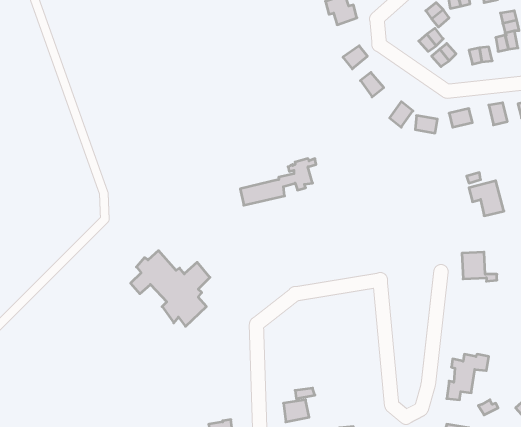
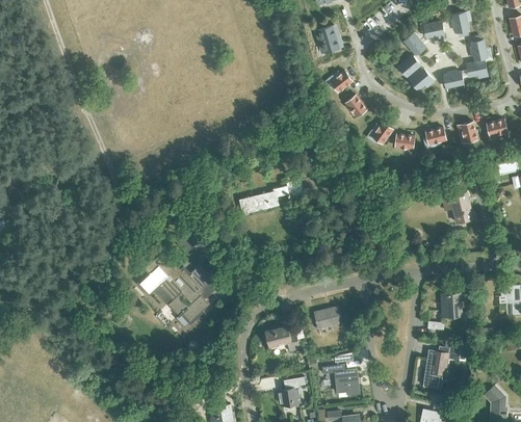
building: [462,252,497,281] -> [441,293,472,319]
building: none -> [314,307,342,329]
building: none -> [265,326,299,351]
building: none -> [322,366,360,396]

